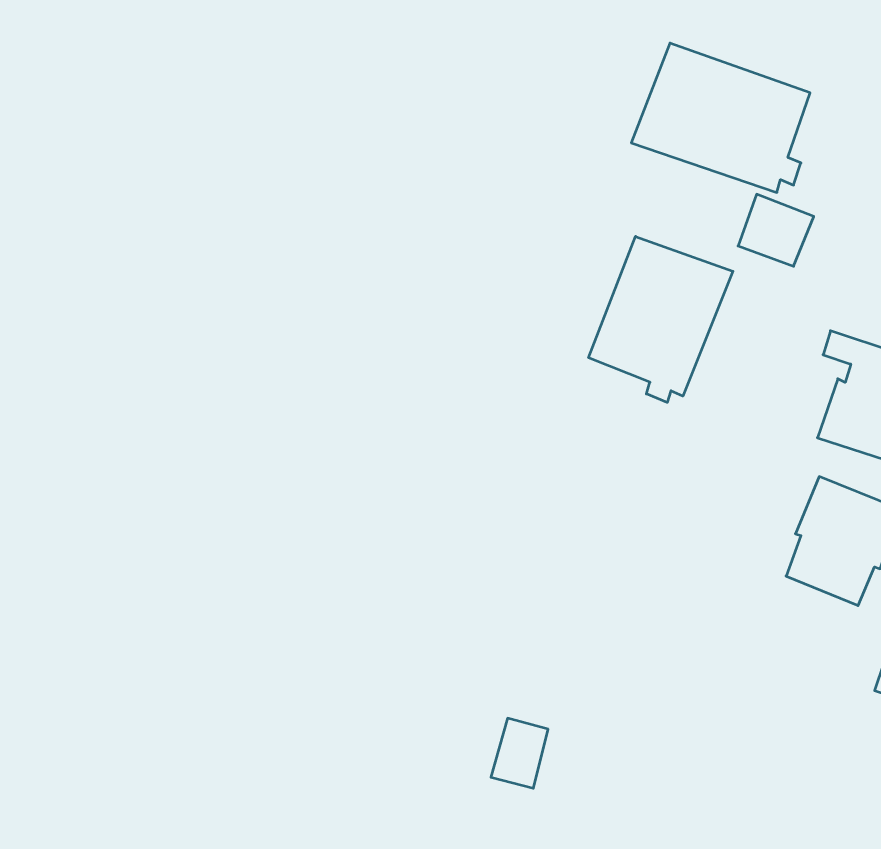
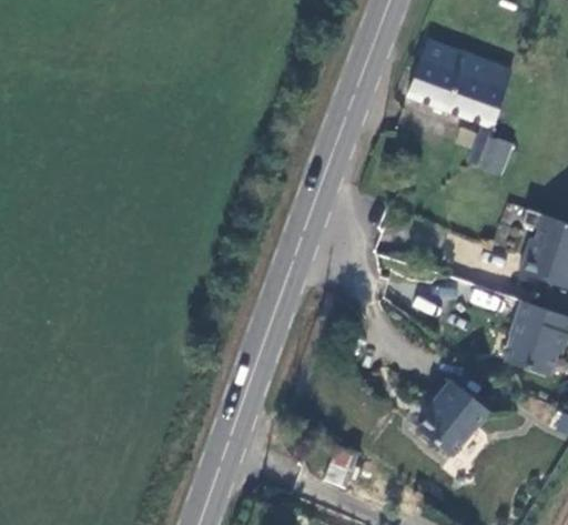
building: [589,236,733,402] -> none
building: none -> [416,378,487,455]

